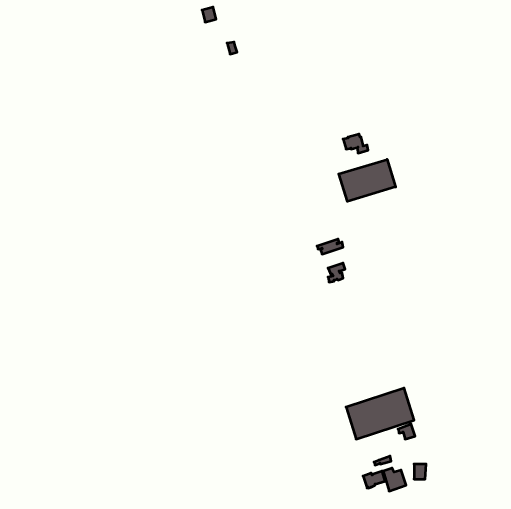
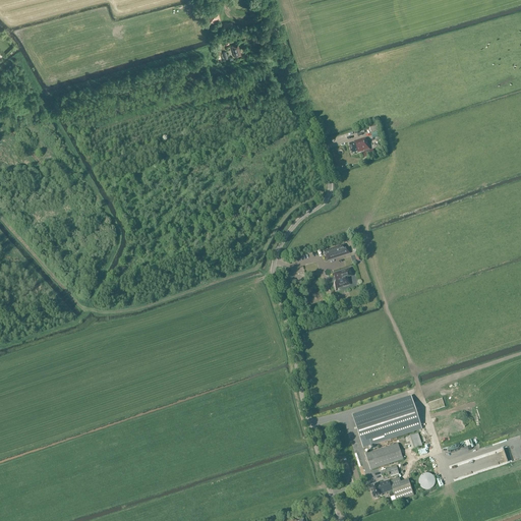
building: [339,159,396,201] -> none
building: none -> [365,442,403,468]

